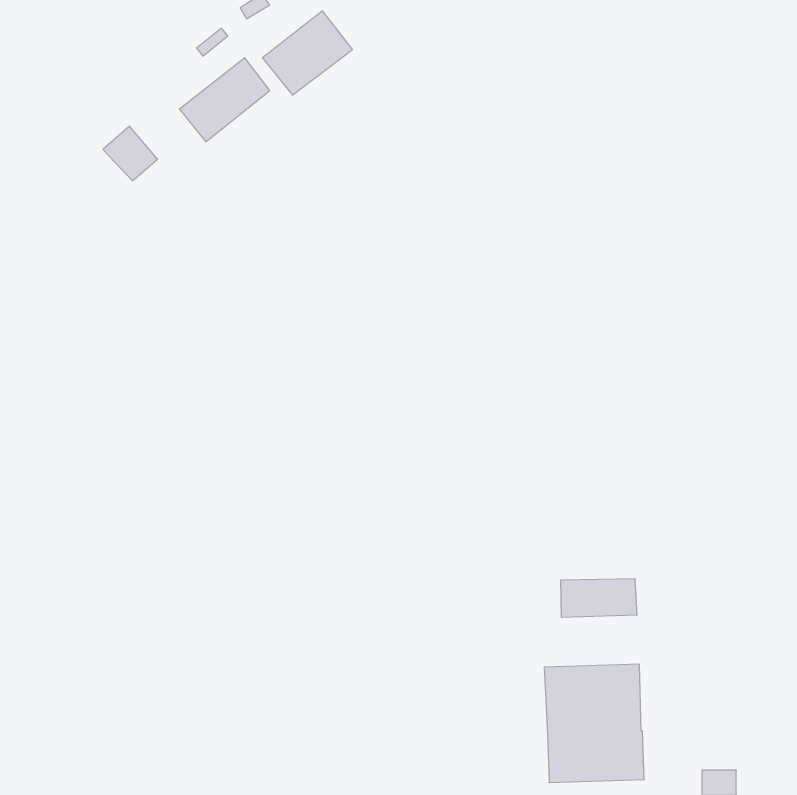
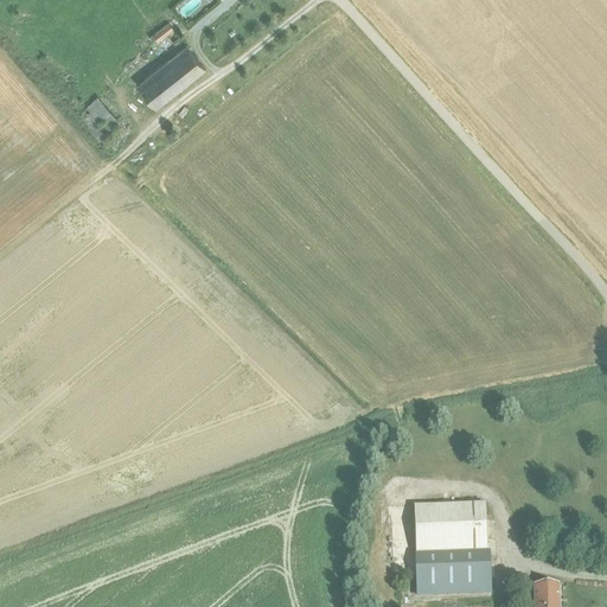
building: [262,11,352,95] -> none
building: [561,578,637,618] -> none

